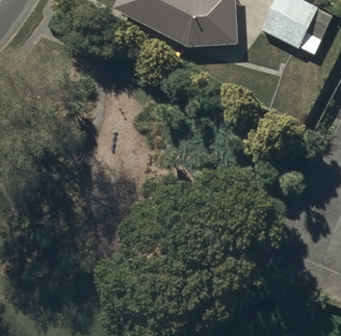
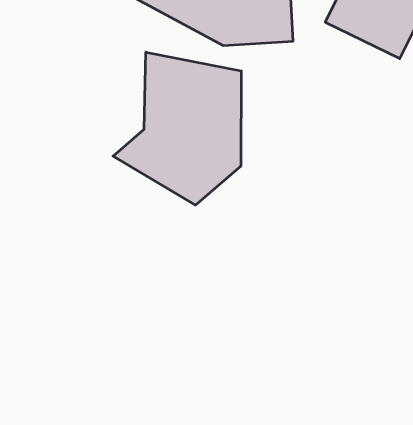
building: none -> [113,52,241,205]

